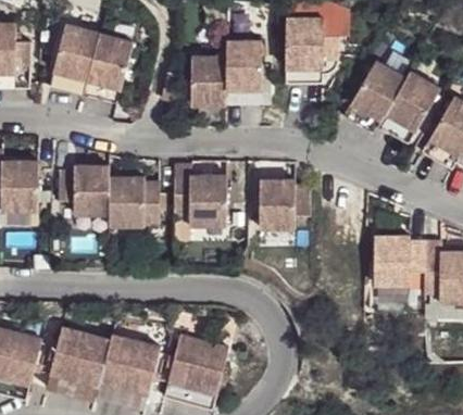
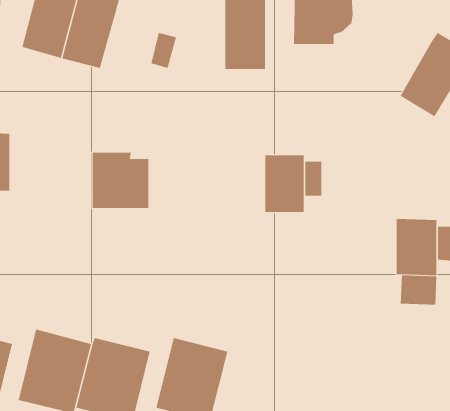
building: [190,55,225,103] -> none
building: [342,60,405,133] -> none
building: [173,160,227,222] -> none
building: [60,163,110,212] -> none

